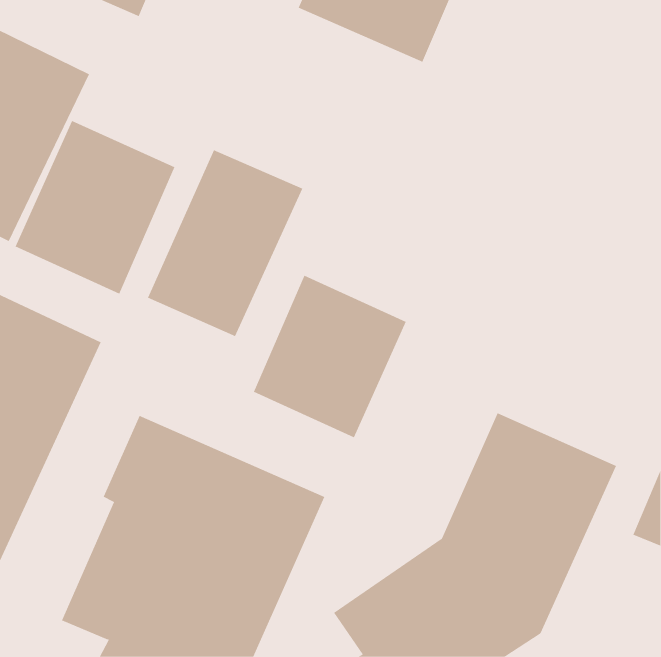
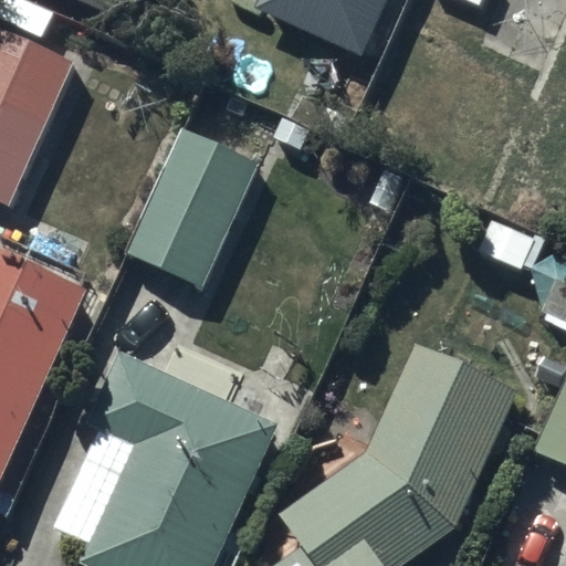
building: [15,120,175,295] -> none
building: [253,275,406,438] -> none

